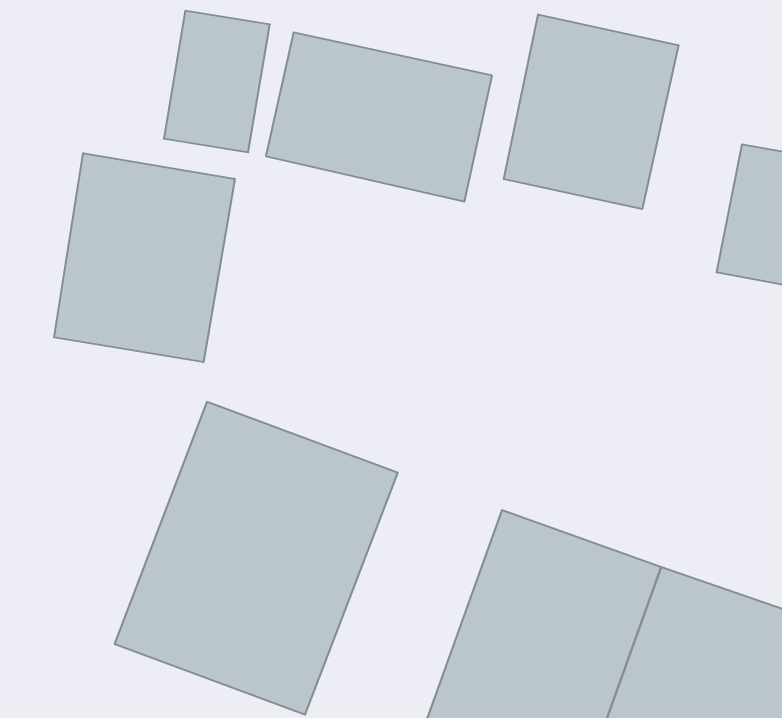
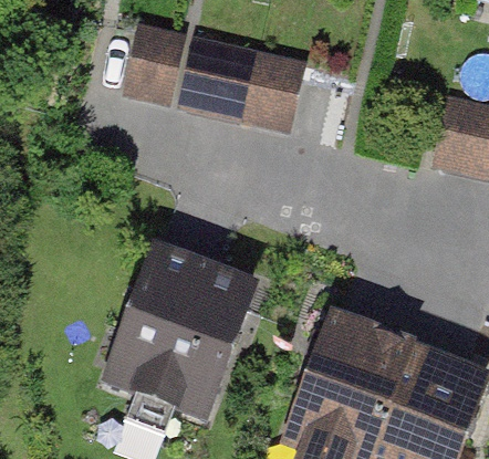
building: [504,14,678,209] -> none
building: [54,153,235,362] -> none

